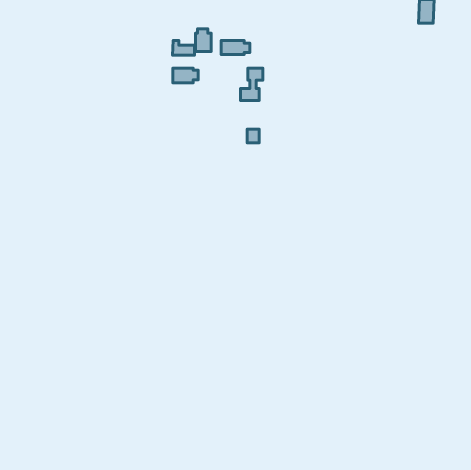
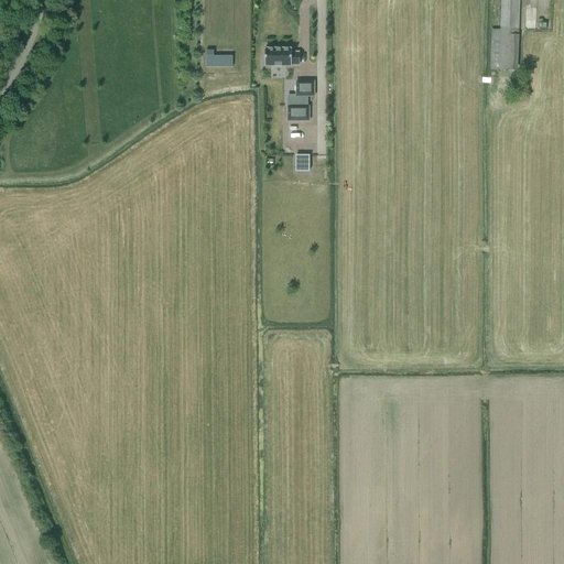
building: [195,29,211,52] -> none
building: [173,68,198,83] -> none

